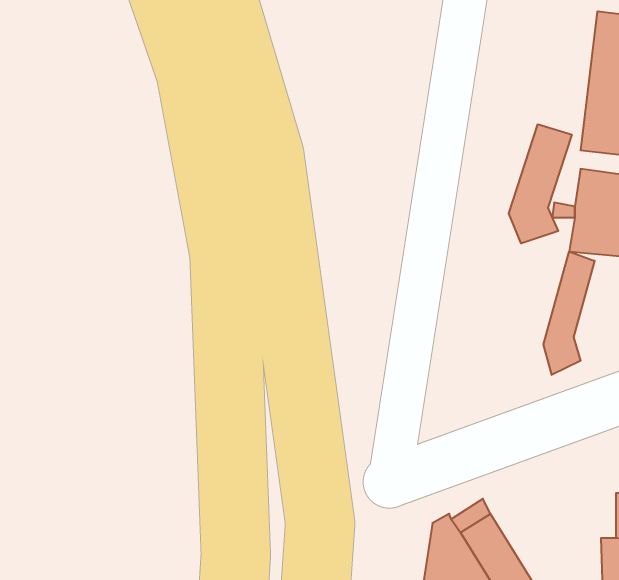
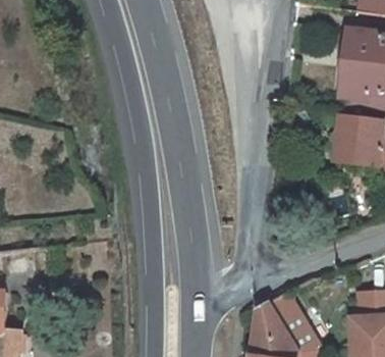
building: [509,124,572,243] -> none
building: [544,251,595,375] -> none

